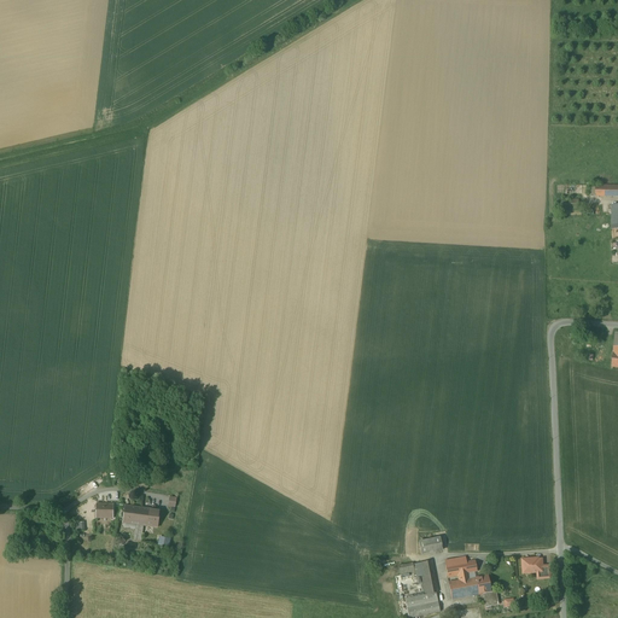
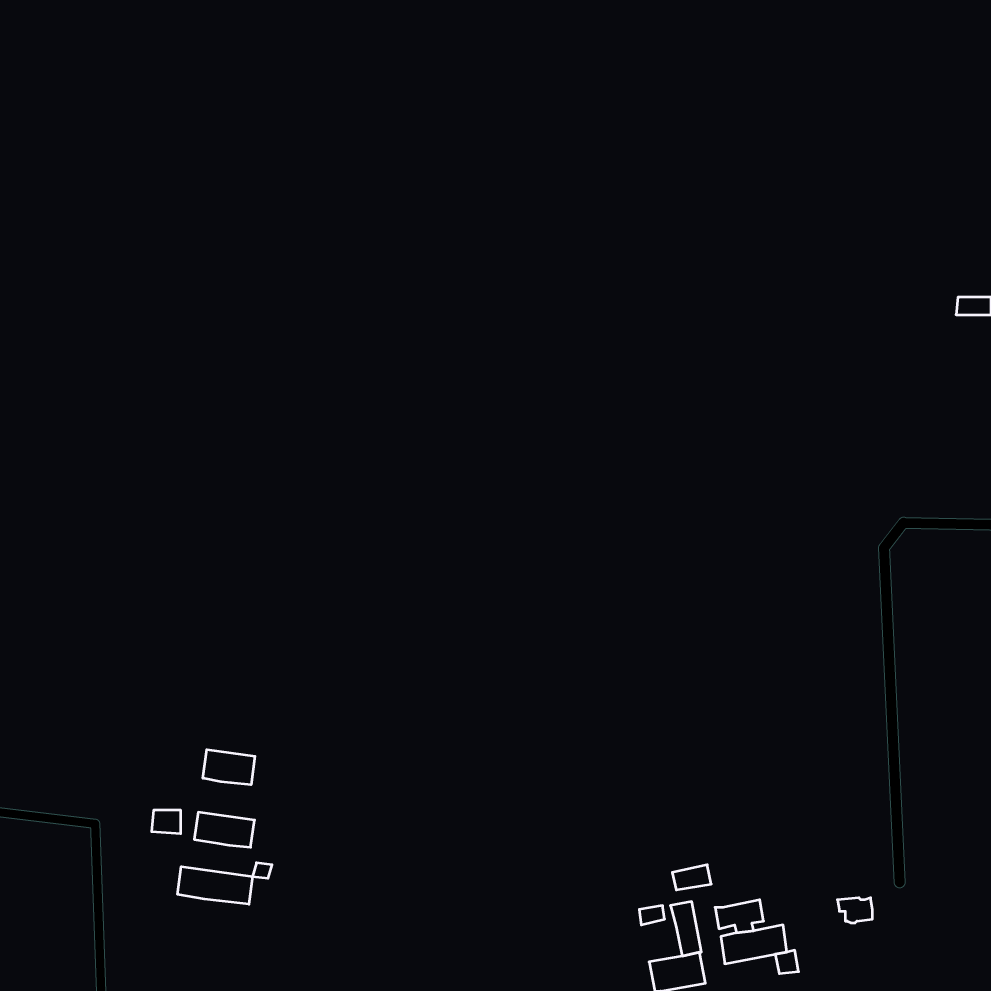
building: none -> [203,750,255,785]
building: none -> [178,867,253,904]

